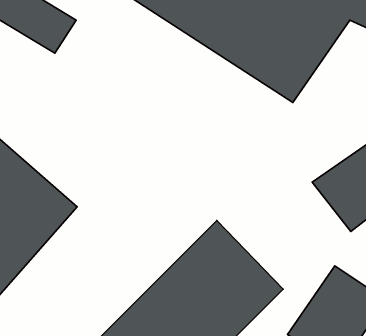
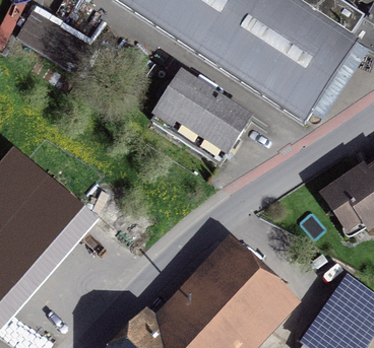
building: none -> [152,68,254,160]

